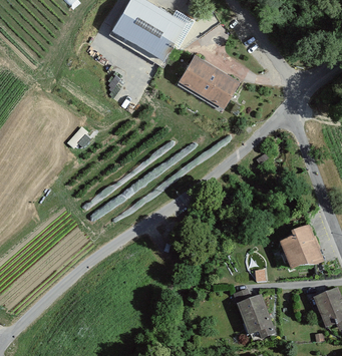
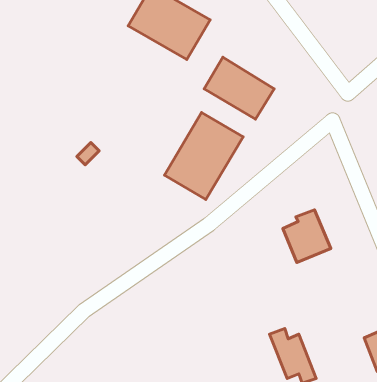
building: none -> [164,112,243,199]
building: [280,226,321,271] -> [283,210,331,262]

